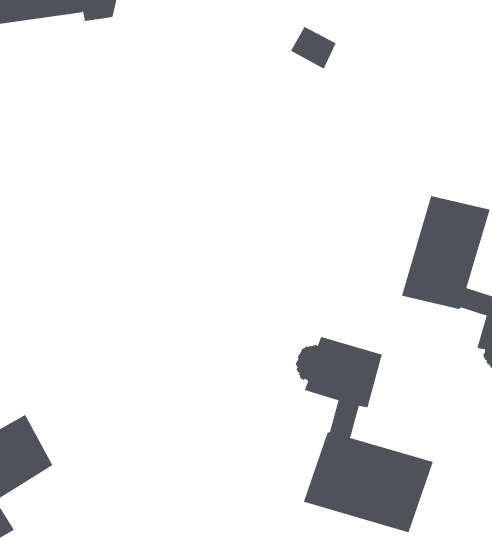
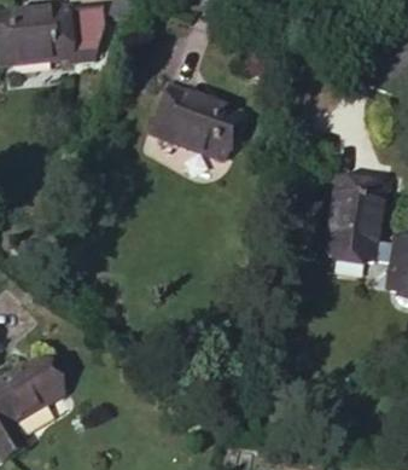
building: none -> [144,82,228,153]
building: [295,336,434,533] -> none

